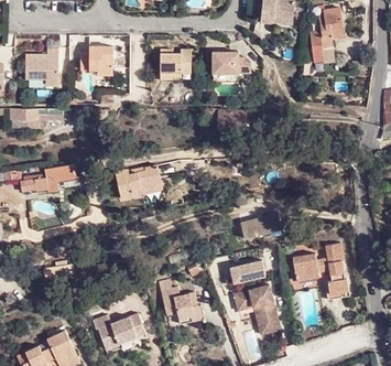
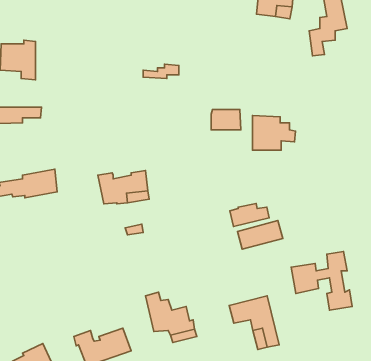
building: [79,43,110,75] -> none
building: [156,51,189,76] -> none
building: [213,52,252,84] -> [253,116,296,150]
building: [231,260,268,281] -> [230,204,269,226]

